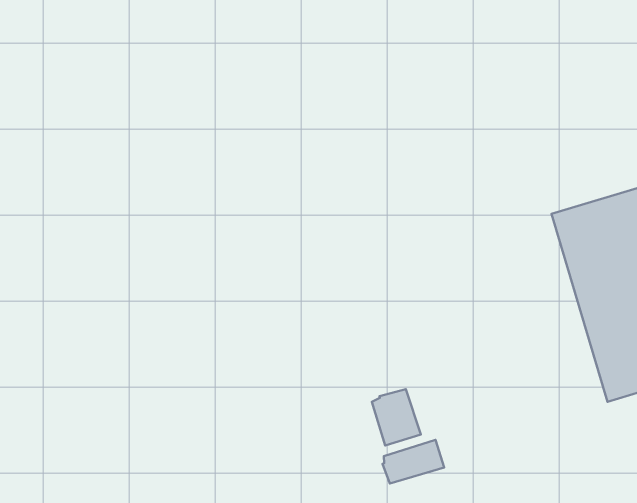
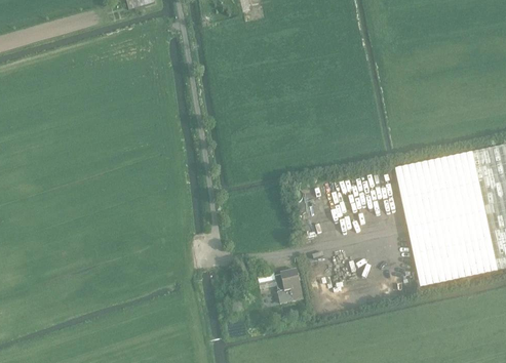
building: [382,440,444,483] -> none

